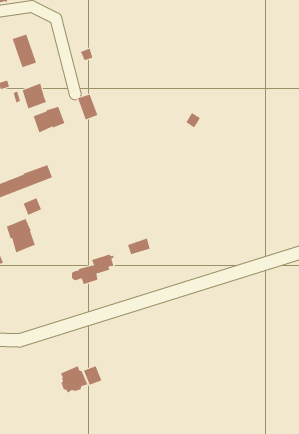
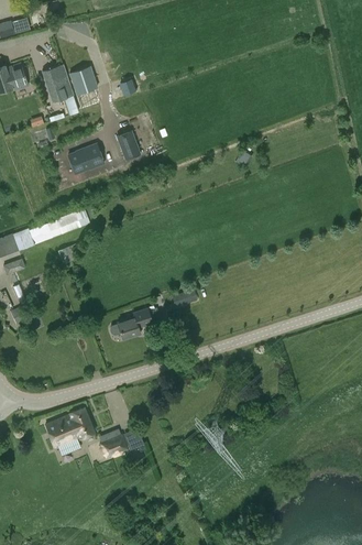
building: [22,83,47,109] -> [69,66,97,95]
building: [6,218,36,253] -> none
building: none -> [45,407,94,447]

